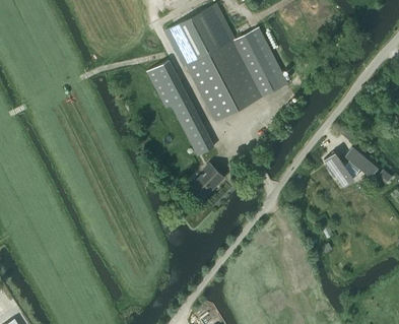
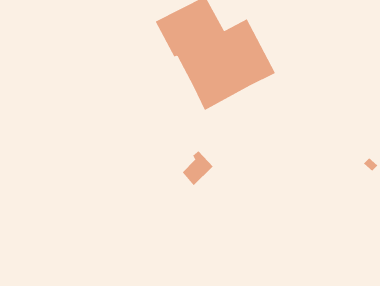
building: [146,61,214,155] -> none
building: [325,147,379,186] -> none

